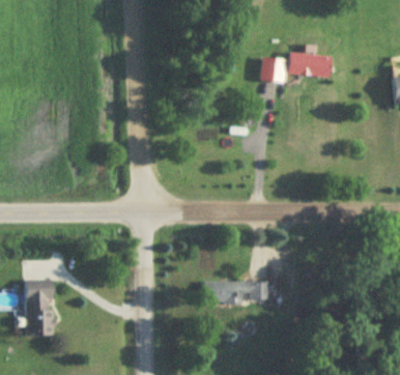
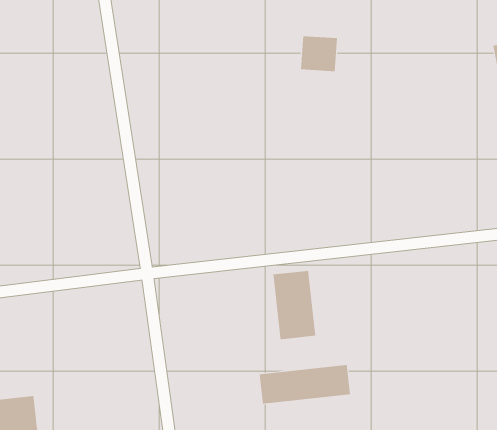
building: [288,53,331,76] -> none
building: none -> [273,270,316,340]

